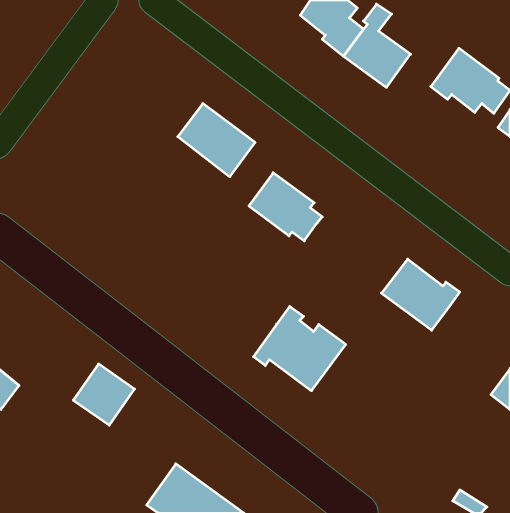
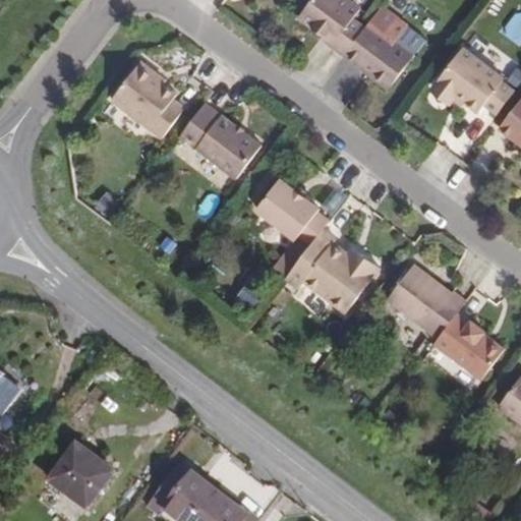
building: none -> [106,60,180,136]
building: none -> [433,310,504,377]
building: [253,306,346,391] -> [285,226,379,311]
building: [73,364,135,425] -> [56,443,118,505]

